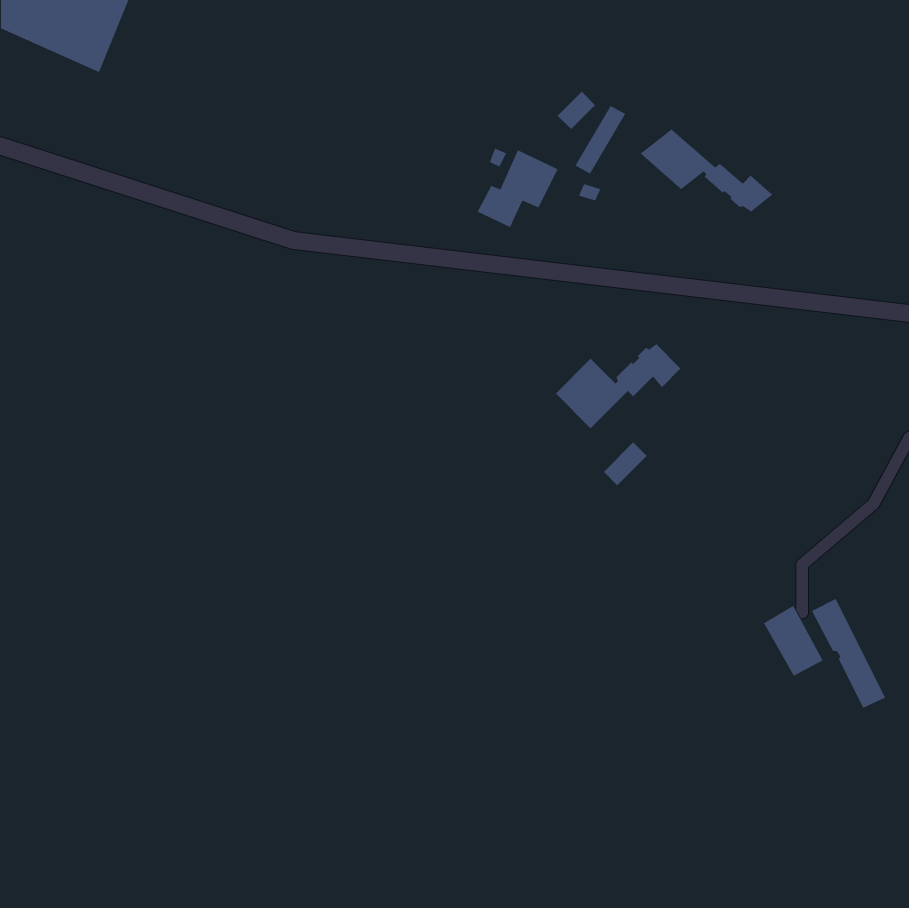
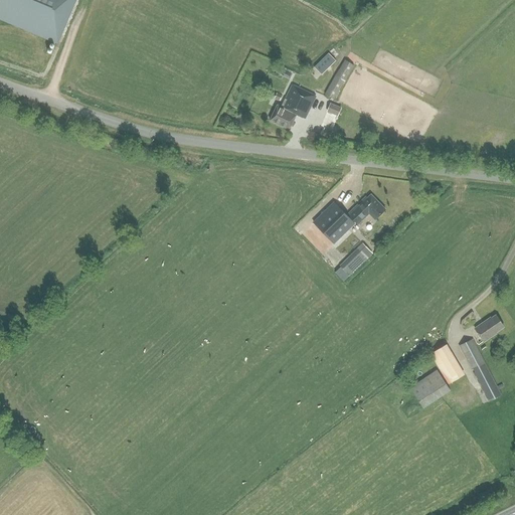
building: [639,128,773,213] -> none
building: none -> [474,314,504,341]
building: none -> [409,369,451,407]

